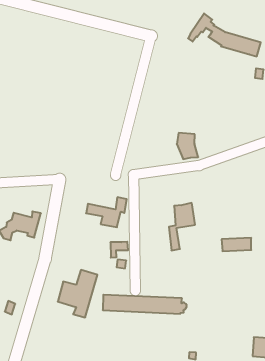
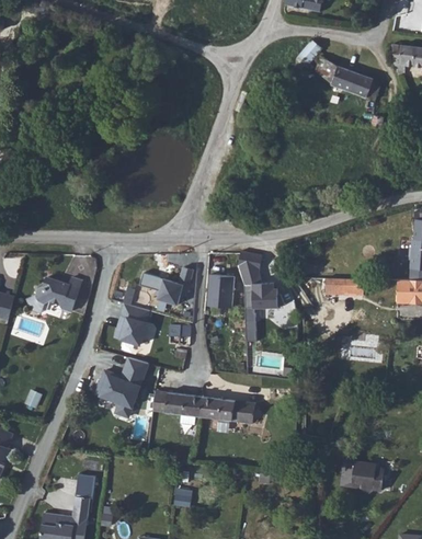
building: [177,133,198,159] -> [238,251,264,285]
building: none -> [206,275,235,307]
building: none -> [114,303,152,346]
building: [222,238,251,251] -> [326,276,364,293]

